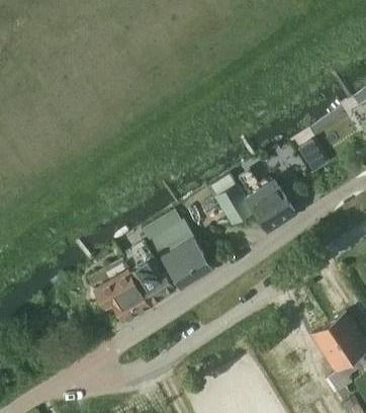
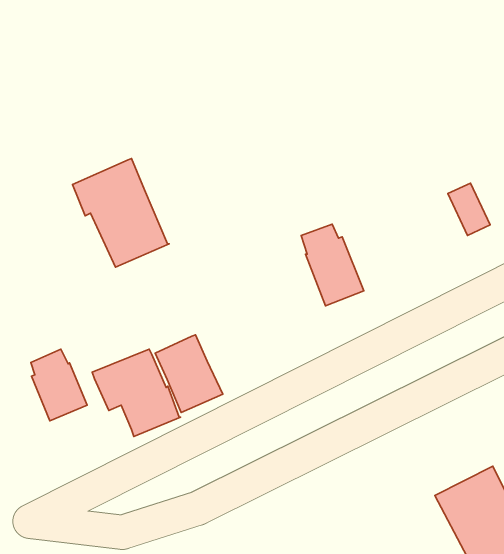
building: [246,178,293,228] -> none
building: [148,218,211,285] -> [73,159,169,267]
building: none -> [31,349,87,421]

